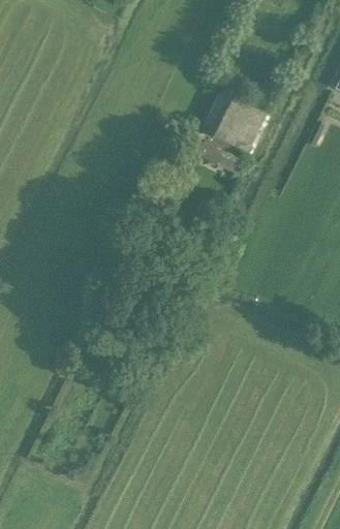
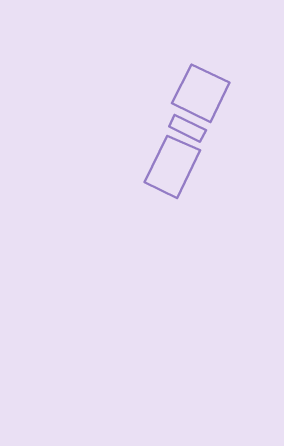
building: none -> [144,136,200,198]

